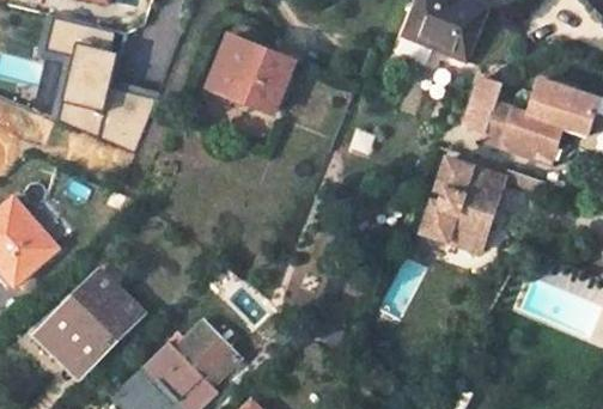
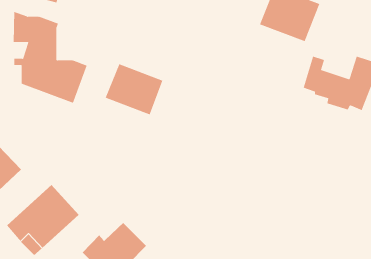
building: [207,35,292,110] -> [105,63,163,115]
building: [419,159,502,252] -> none

